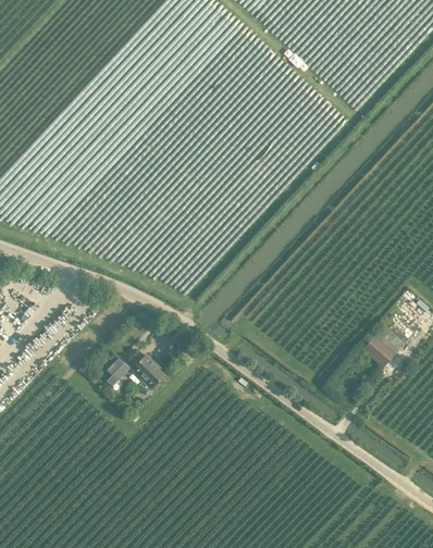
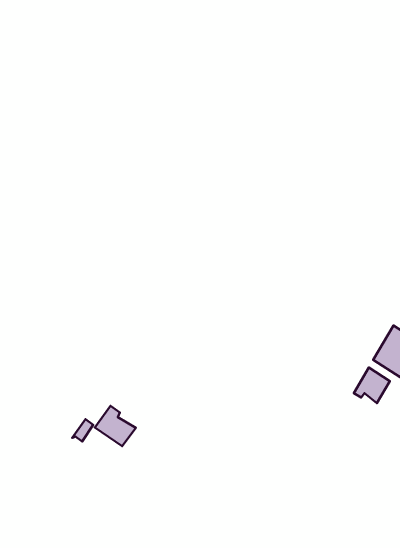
building: none -> [354,367,390,403]

